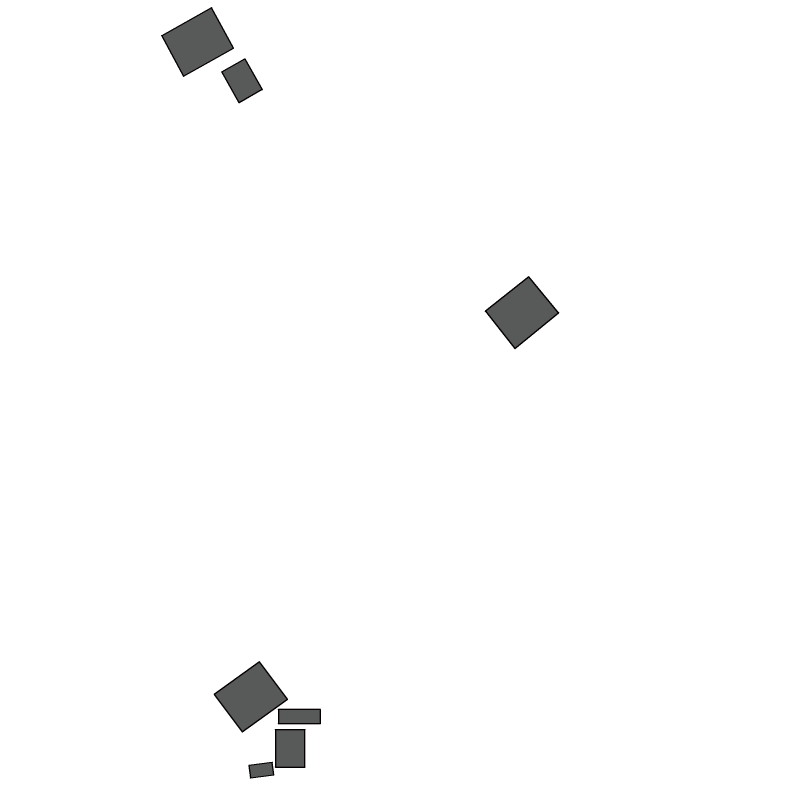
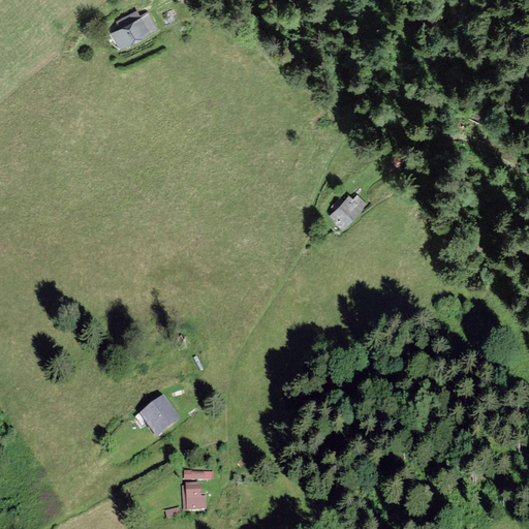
building: [222,59,262,103] -> none
building: [214,662,287,732] -> [135,393,184,439]

